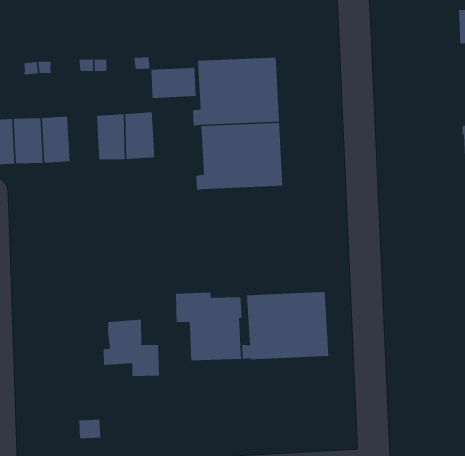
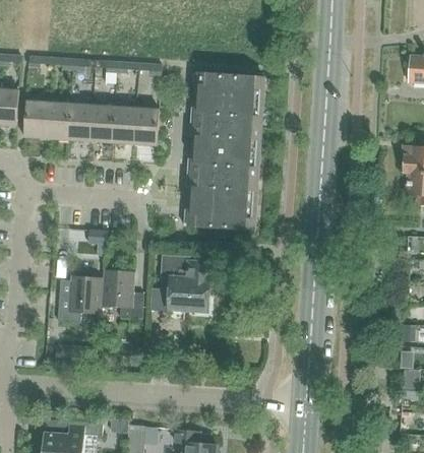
building: [150,67,196,99] -> none
building: none -> [90,105,115,142]
building: [241,291,329,360] -> [184,175,256,231]
building: none -> [58,276,105,322]

